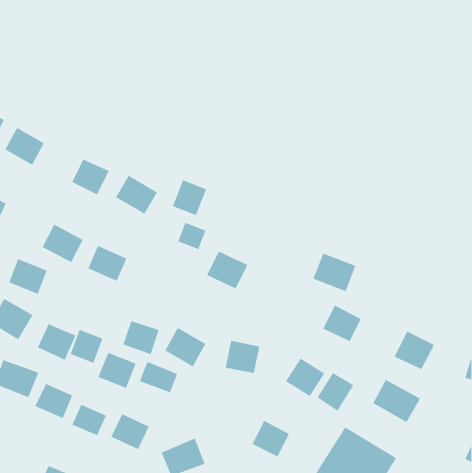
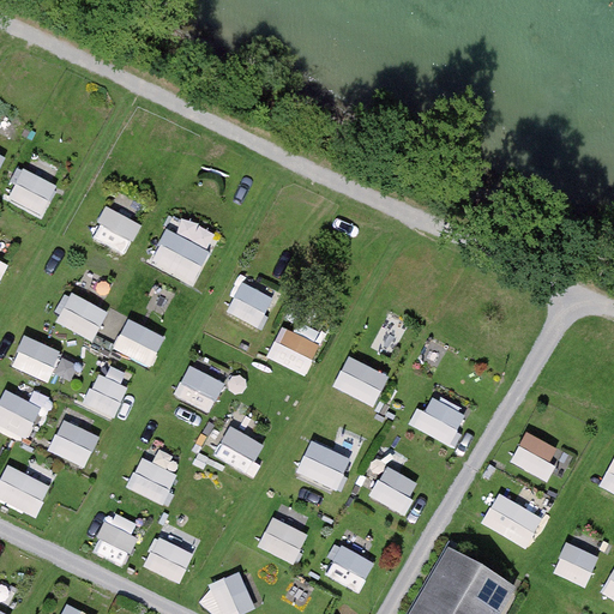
building: [172,179,207,216] -> none
building: [313,253,356,292] -> [332,356,389,407]
building: [122,320,160,355] -> [175,366,223,410]
building: [70,329,103,364] -> [84,373,127,417]
building: [139,361,178,393] -> none
building: [317,372,354,411] -> none
building: [35,383,73,419] -> none
building: none -> [258,516,308,564]
building: none -> [552,541,600,588]

